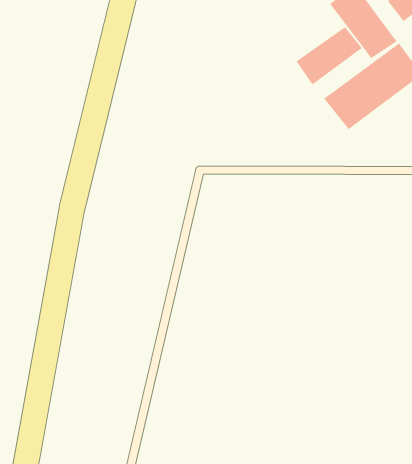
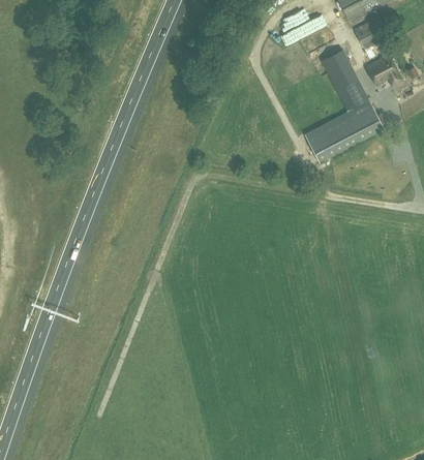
building: [295,26,363,85] -> none

